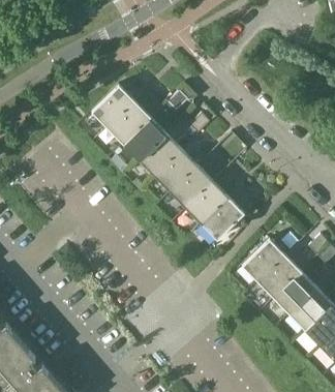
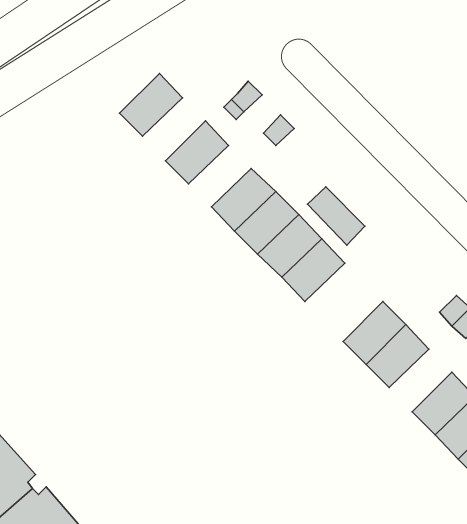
building: [109,102,151,145] -> none
building: [140,134,182,176] -> none
building: none -> [308,187,365,245]
building: [275,272,317,314] -> none

